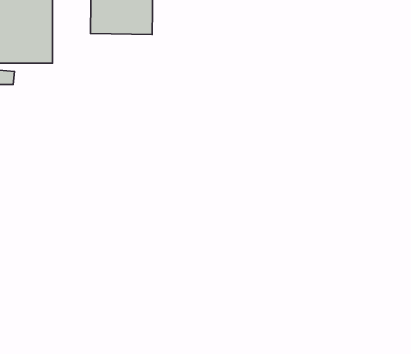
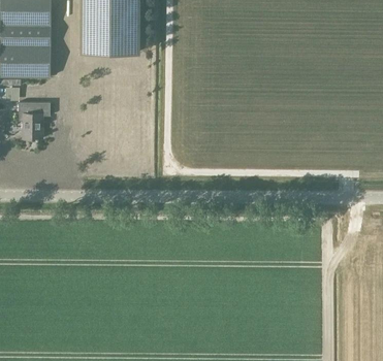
building: none -> [18,102,49,139]

